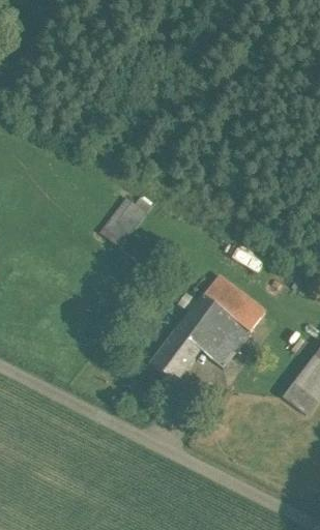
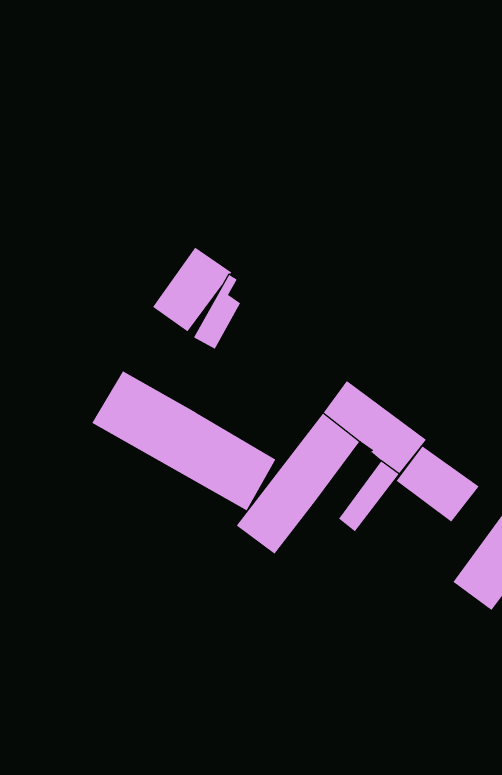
building: none -> [92,370,276,511]
building: none -> [396,445,480,523]

